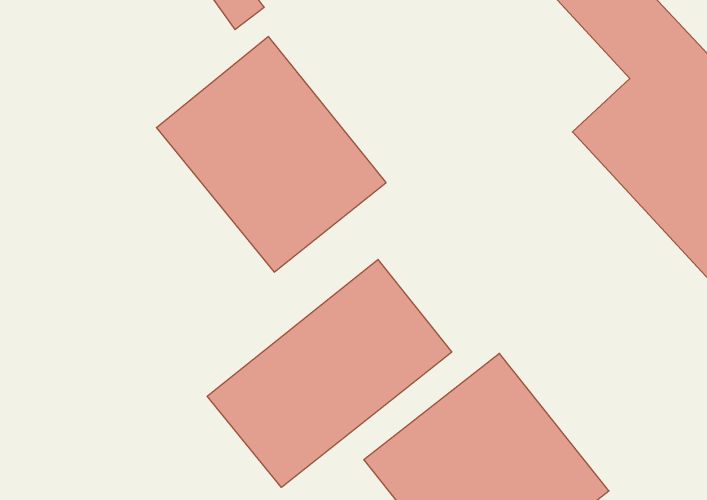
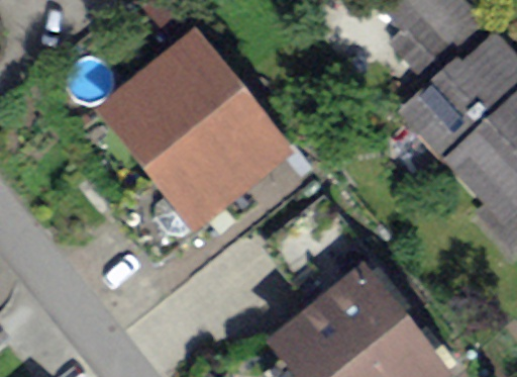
building: [207,259,452,487] -> none

